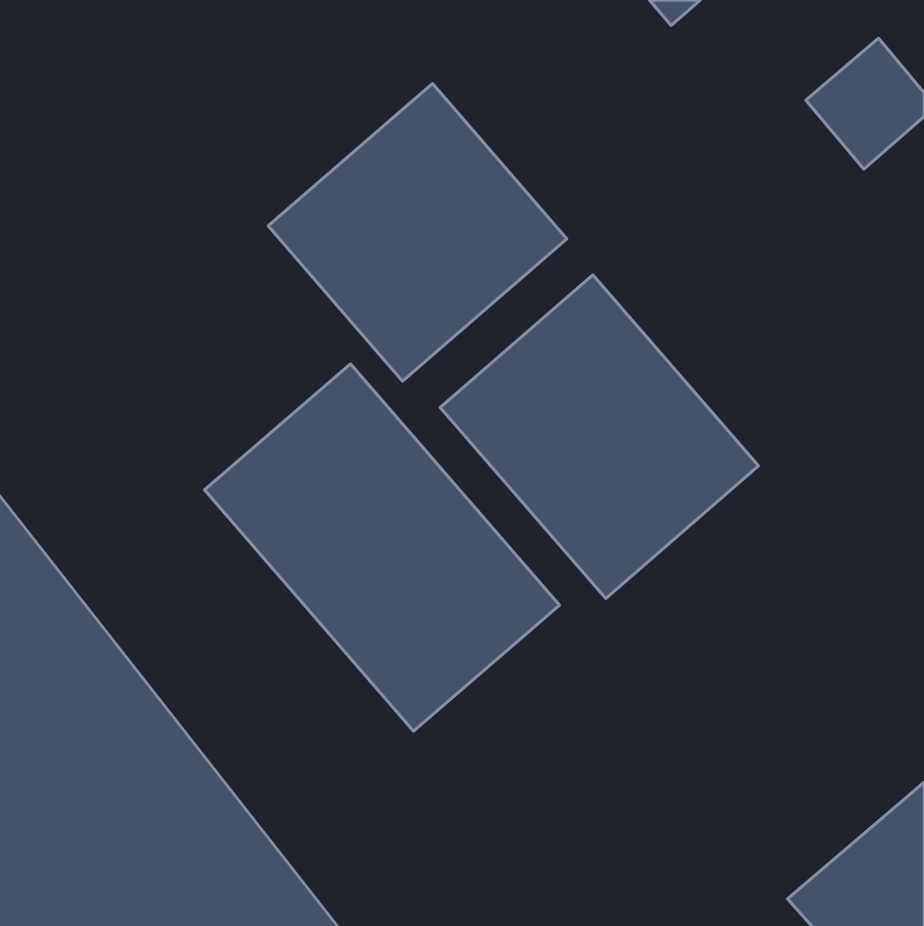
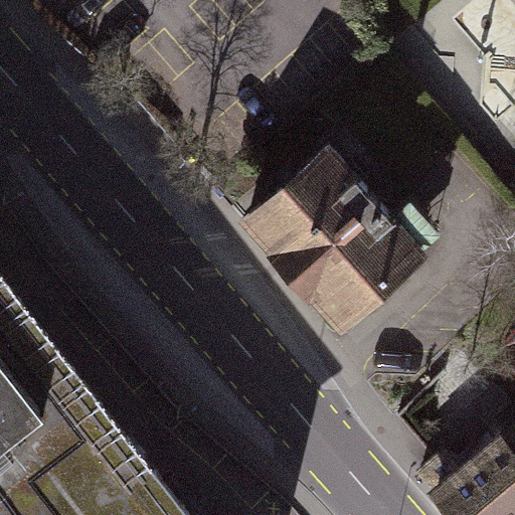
building: [268,83,567,381] -> none
building: [204,364,560,731] -> none

